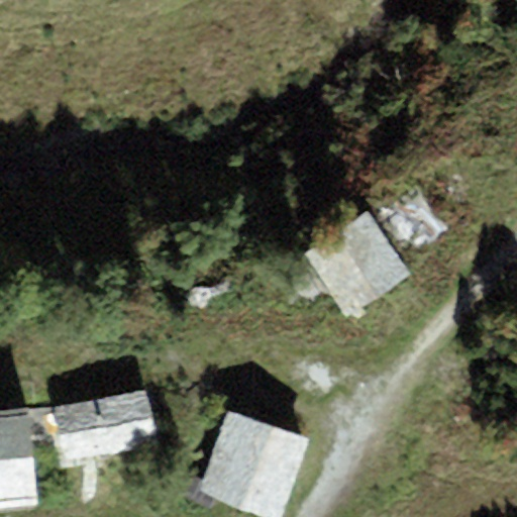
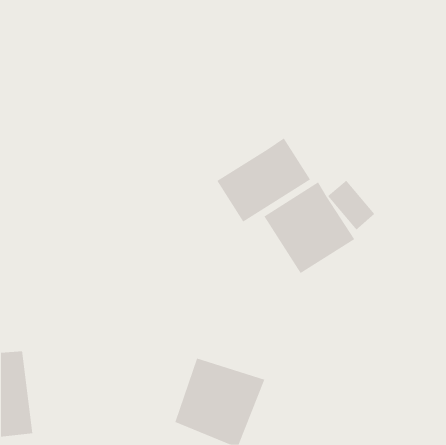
building: none -> [216,138,311,223]
building: [54,389,159,462] -> none

